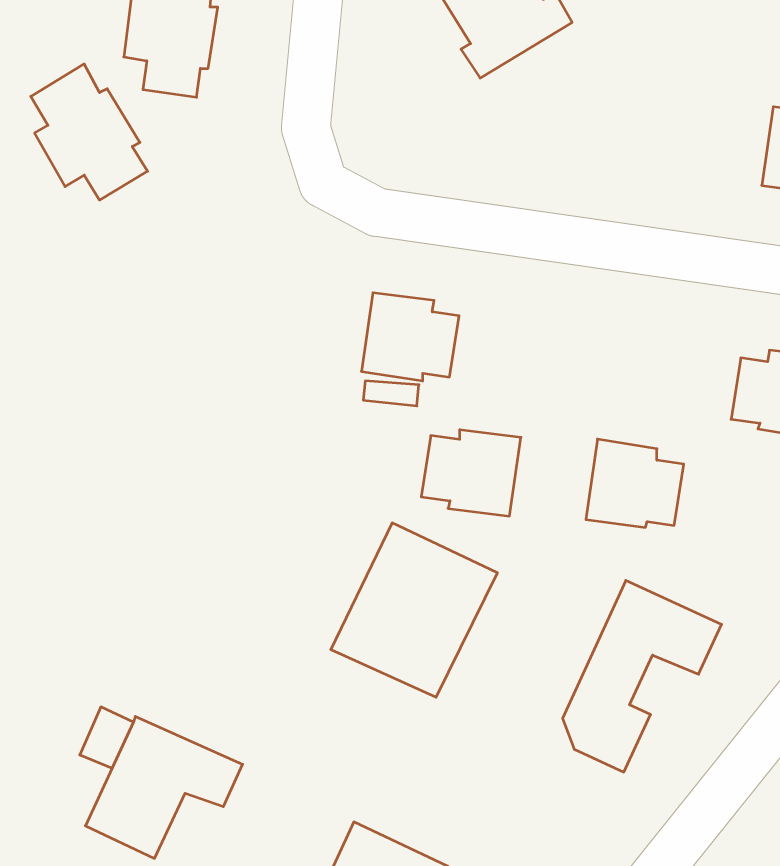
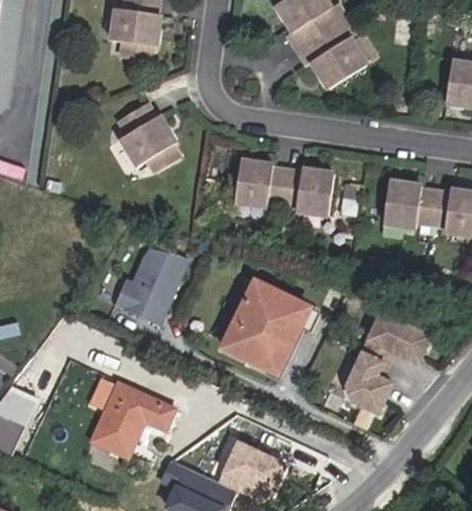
building: none -> [299,17,366,87]
building: [31,64,148,200] -> [119,102,181,173]
building: [421,430,521,516] -> [282,168,335,214]
building: [586,439,684,527] -> [384,180,436,227]
building: none -> [114,244,190,325]

